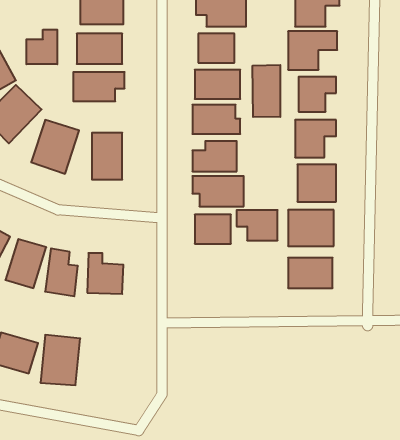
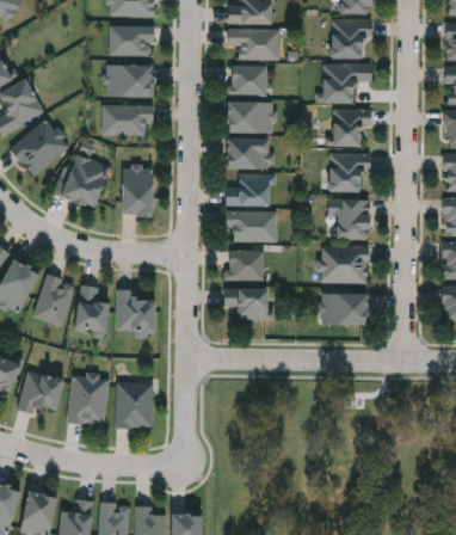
building: [26,30,57,64] -> none
building: [253,65,280,117] -> none
building: [237,210,278,240] -> [224,290,266,321]
building: none -> [117,382,154,426]

